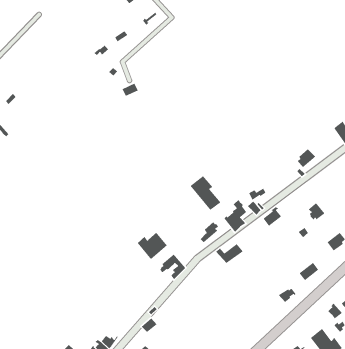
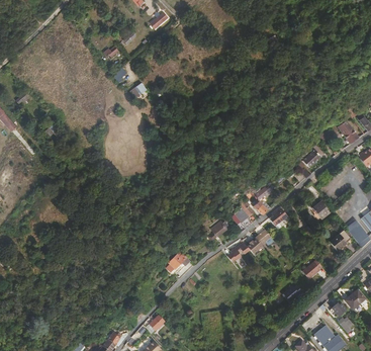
building: [190,175,221,211] -> none
building: [137,232,168,260] -> none

